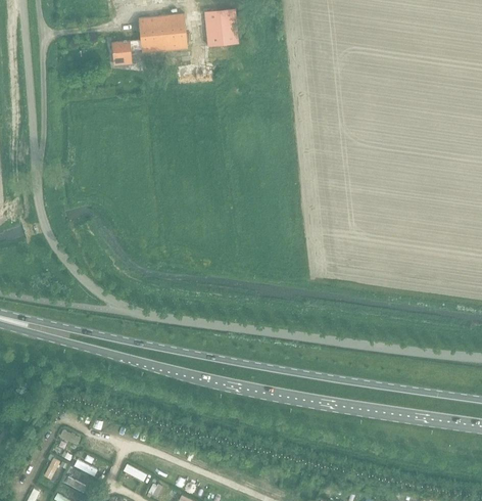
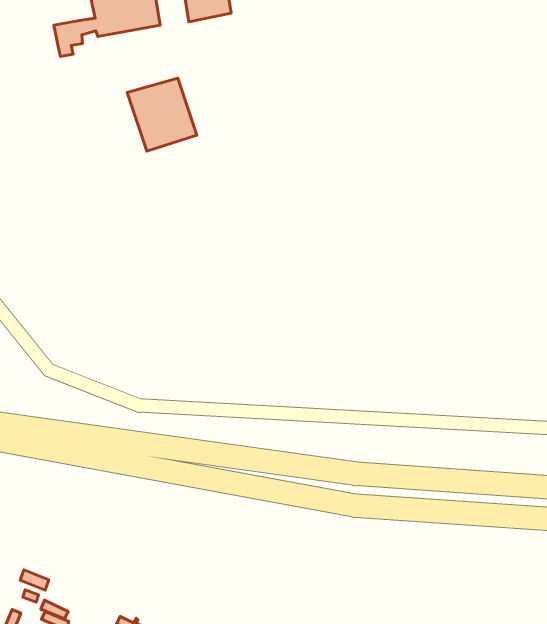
building: none -> [127,78,197,151]

